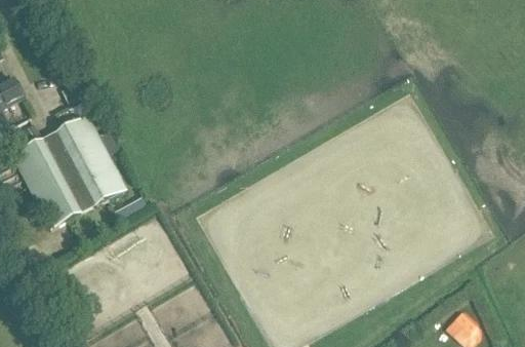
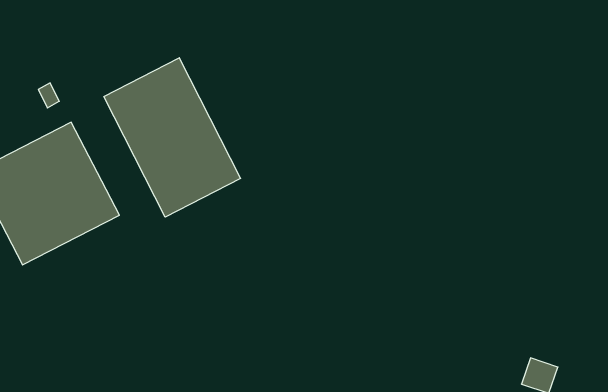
building: none -> [104,58,241,217]

